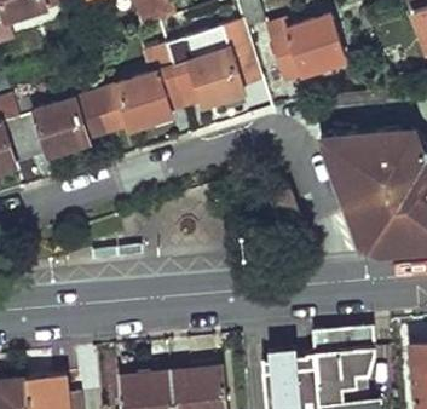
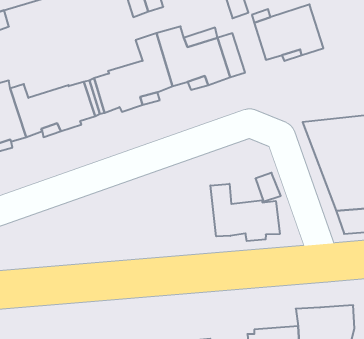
building: none -> [210,184,280,241]

